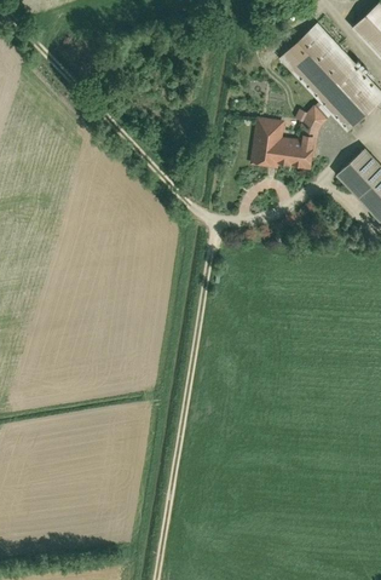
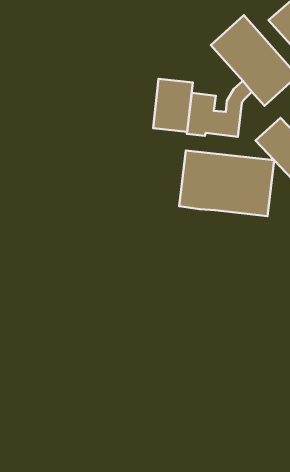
building: none -> [153,79,193,132]
building: none -> [179,150,274,216]

